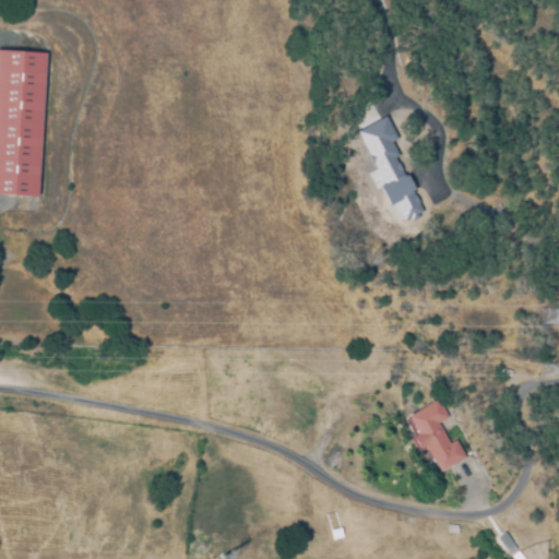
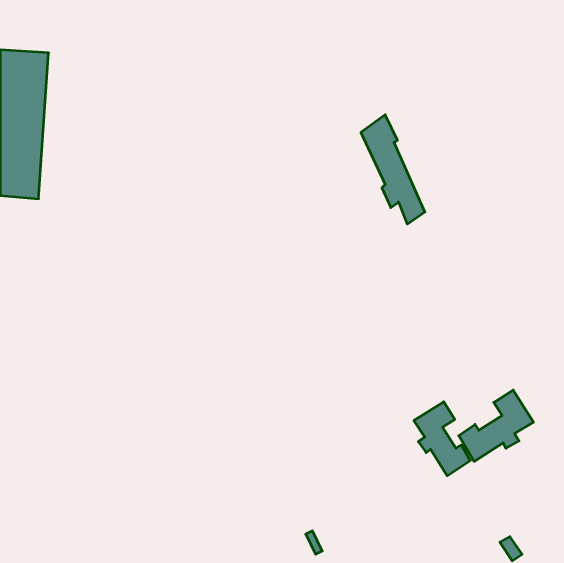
building: none -> [459,390,533,461]

